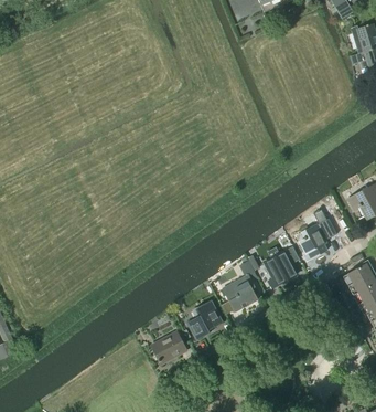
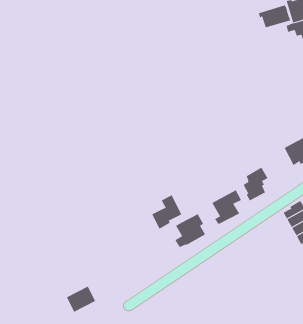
building: none -> [258,5,291,28]
building: [186,298,223,339] -> [152,194,183,229]
building: [151,331,185,362] -> [66,286,96,313]

